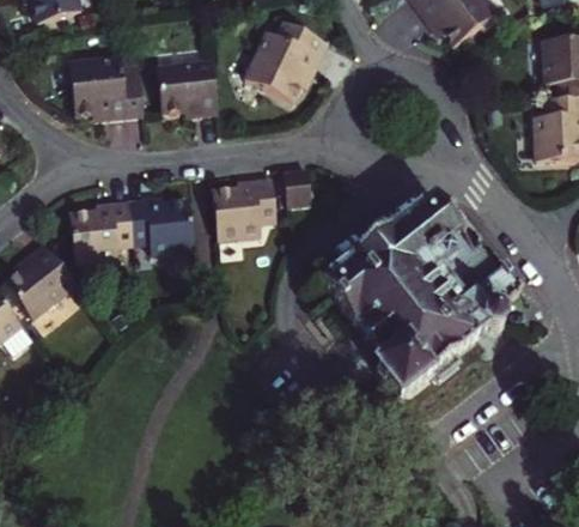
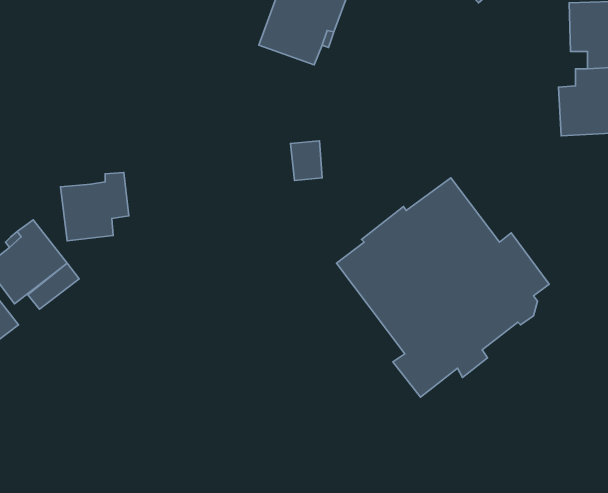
building: [67,57,144,119] -> none
building: [148,61,217,115] -> none
building: [215,176,276,238] -> none
building: [130,196,194,253] -> none

